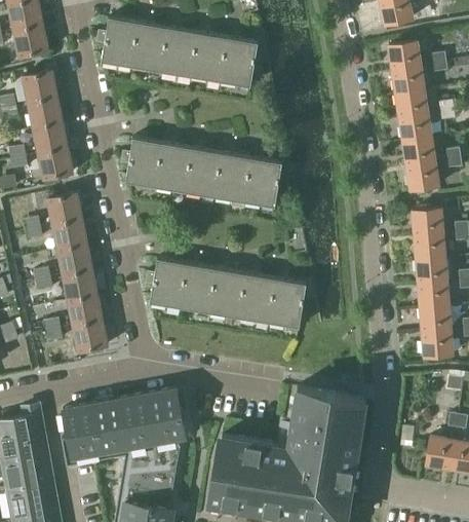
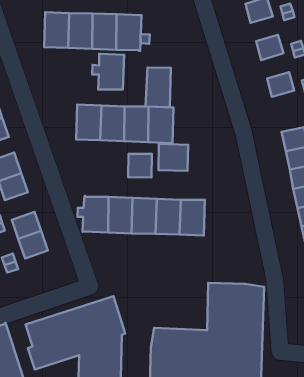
building: [95,18,139,67] -> none
building: [392,67,424,95] -> none
building: none -> [146,68,171,107]
building: [399,114,432,143] -> none
building: [120,139,163,187] -> [92,54,124,90]
building: [406,162,439,191] -> none
building: none -> [159,144,188,171]
building: none -> [128,154,152,177]
building: [57,245,92,276] -> none
building: [73,321,108,351] -> none

